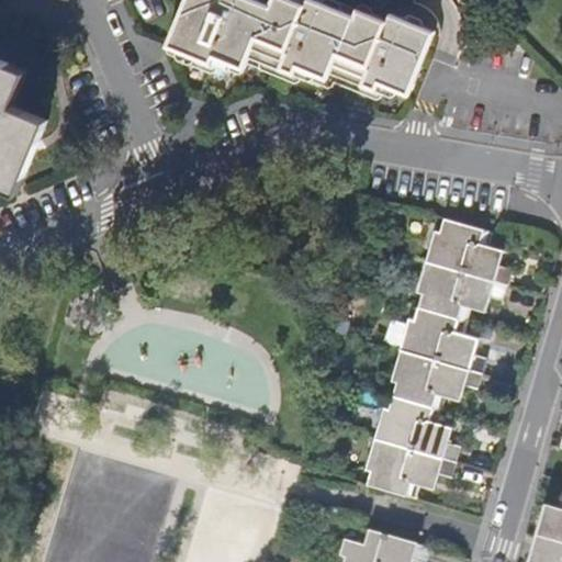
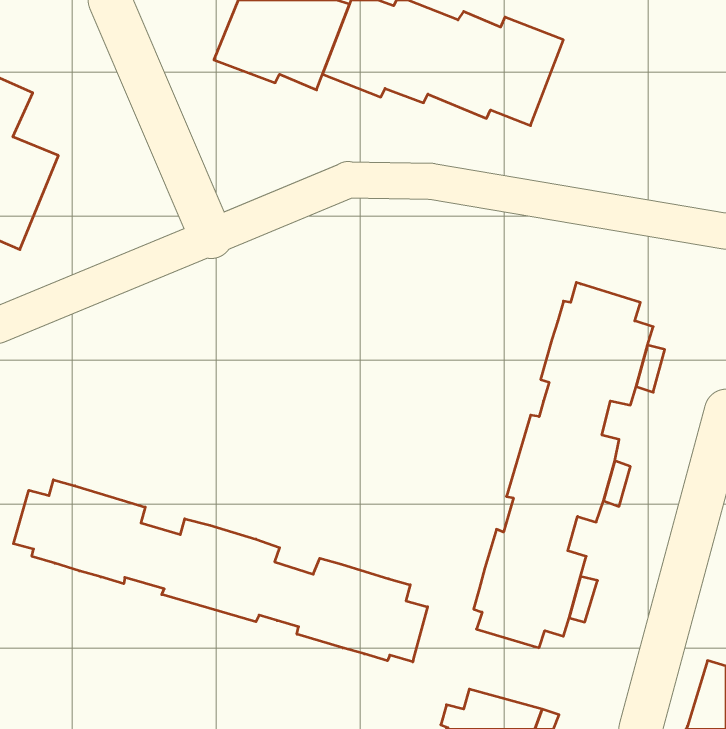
building: none -> [13,480,428,662]

